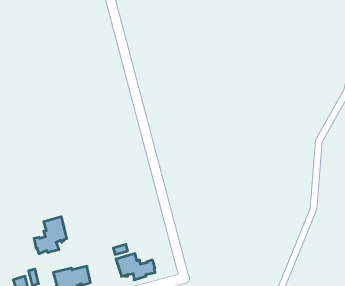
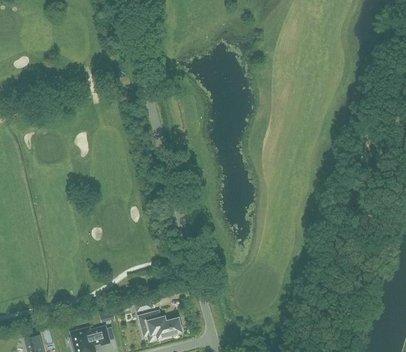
building: [34,217,67,254] -> none

